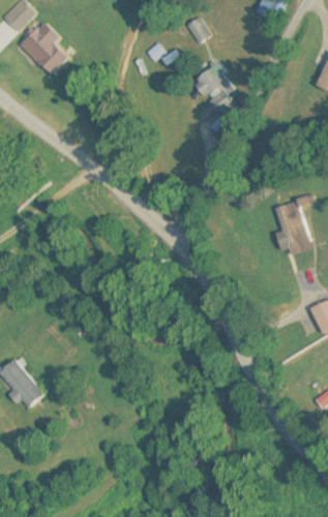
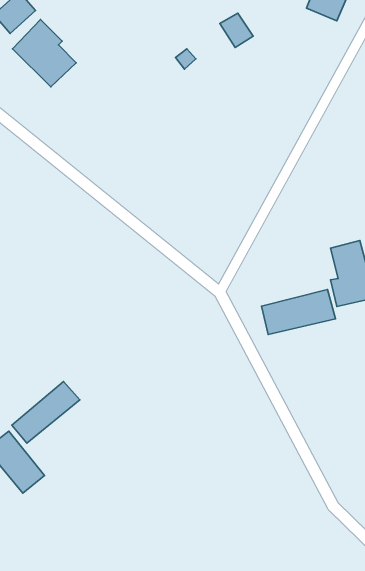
building: [197,63,238,109] -> none
building: none -> [261,290,335,335]
building: none -> [12,382,80,443]

